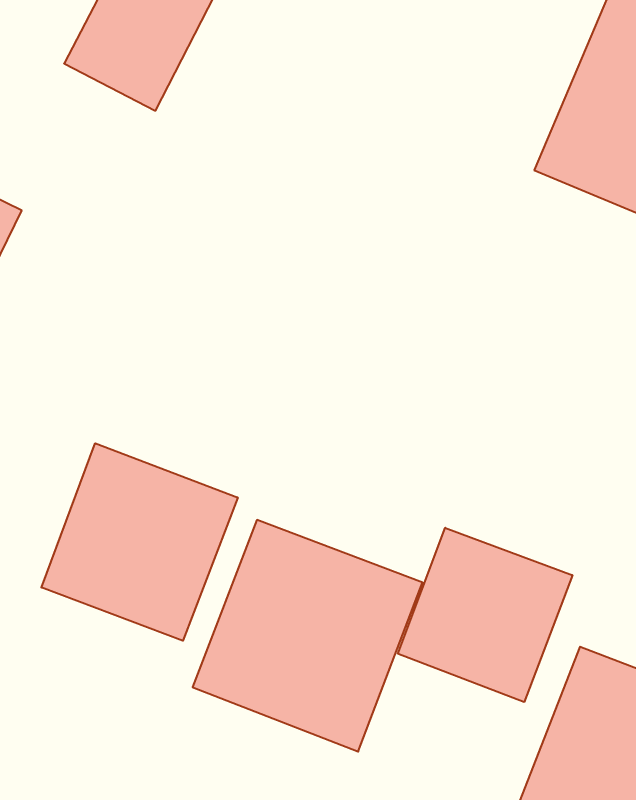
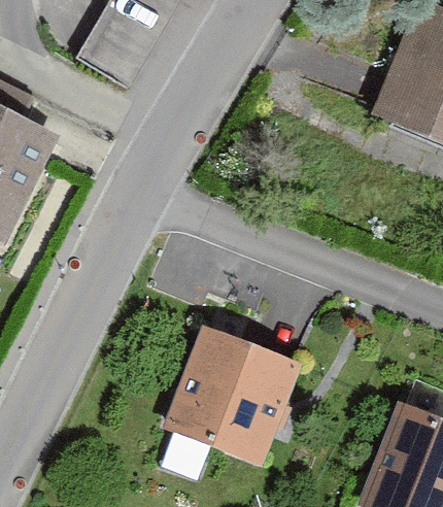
building: [41,443,238,641] -> none
building: [398,528,572,702] -> none

